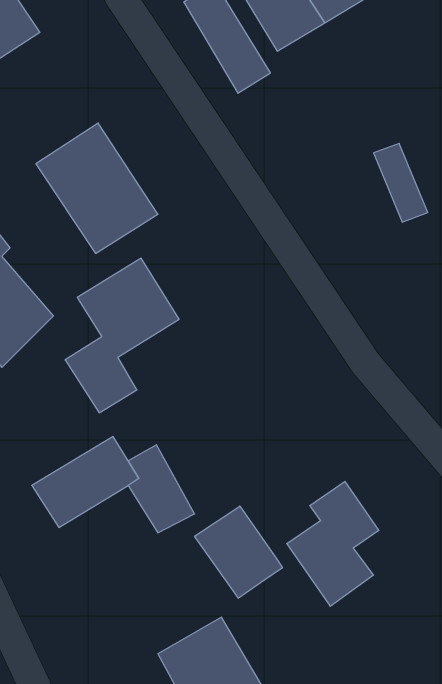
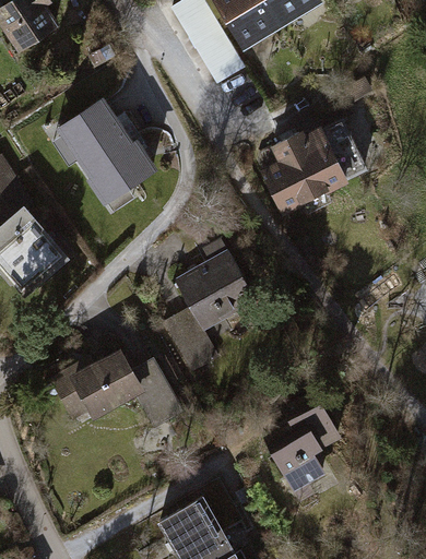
building: none -> [258,126,346,211]
building: [65,258,179,413] -> [159,241,251,366]
building: [195,506,282,598] -> none

